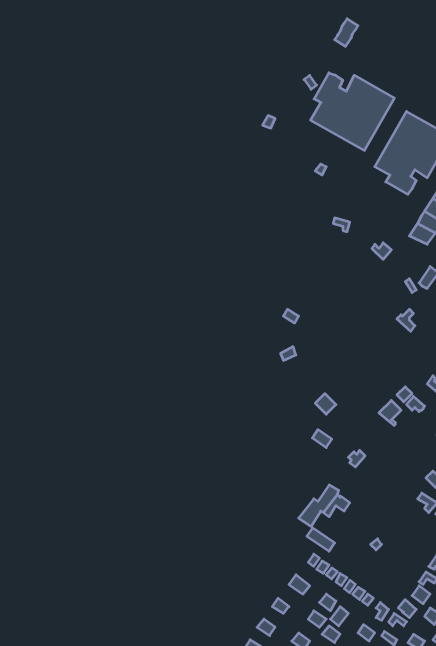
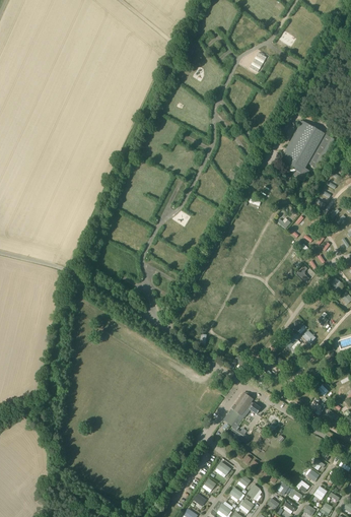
building: [311,73,394,150] -> none

